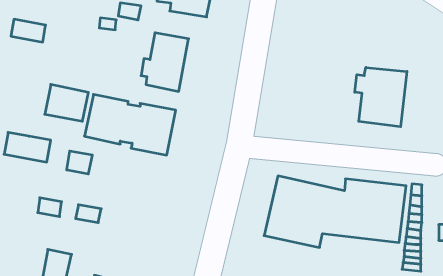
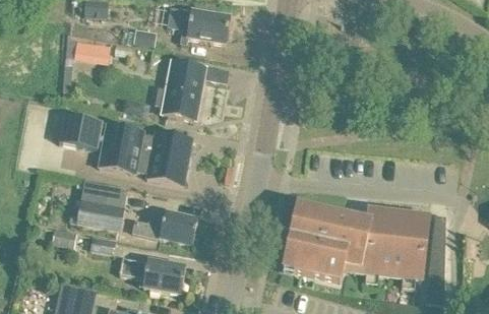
building: [11,19,46,42] -> [74,42,110,65]
building: [355,67,407,127] -> none
building: [4,132,51,162] -> [77,200,125,231]
building: none -> [133,208,197,244]
building: none -> [120,257,186,294]

